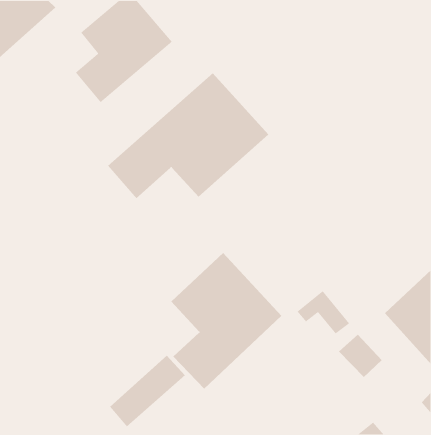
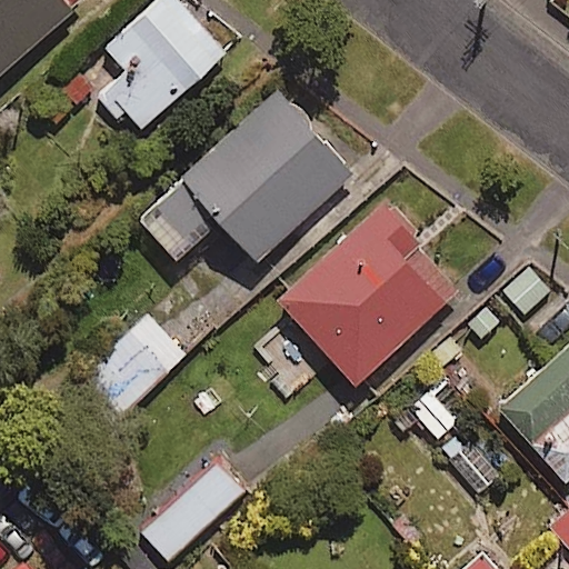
building: none -> [279,208,456,383]
building: [170,252,282,389] -> none

